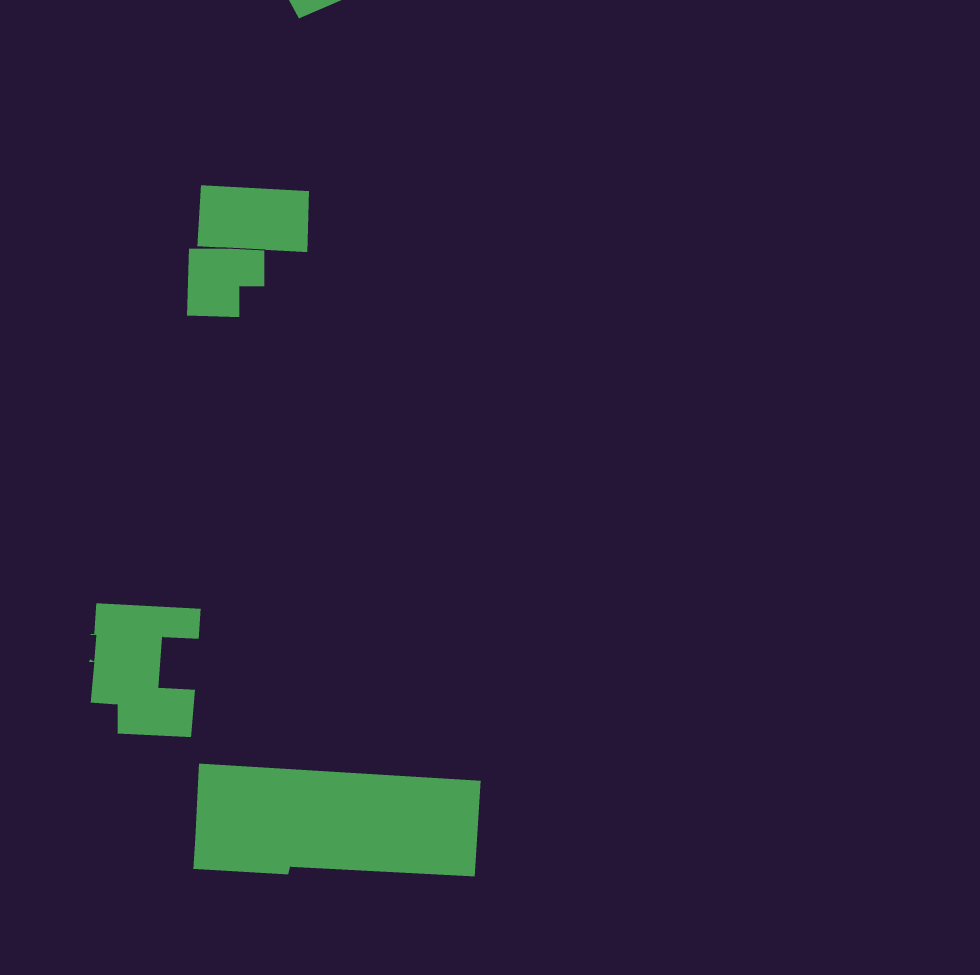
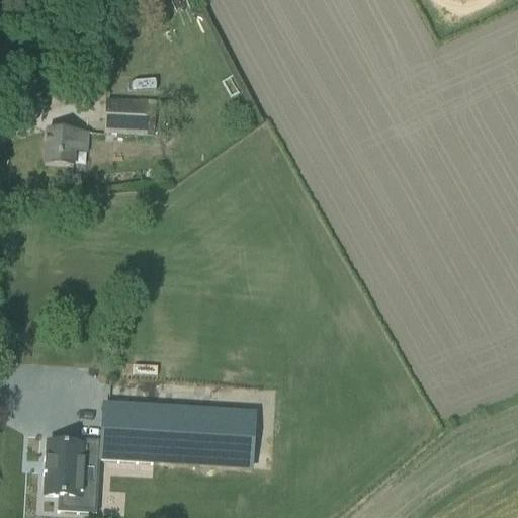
building: [186,248,265,318] -> [46,126,87,163]
building: [88,603,201,738] -> [45,437,104,508]

